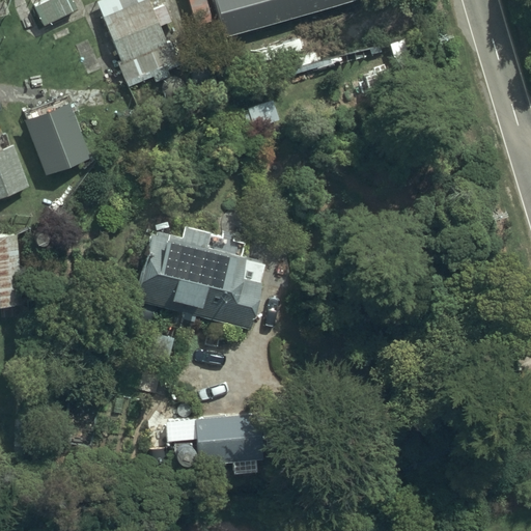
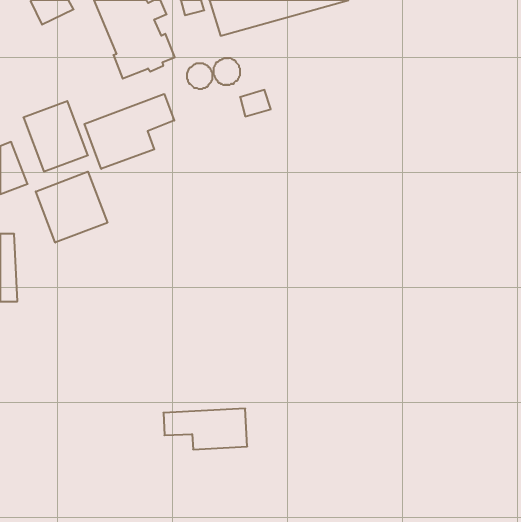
building: none -> [84,94,174,169]
building: none -> [36,172,107,243]
building: [134,226,264,329] -> none

